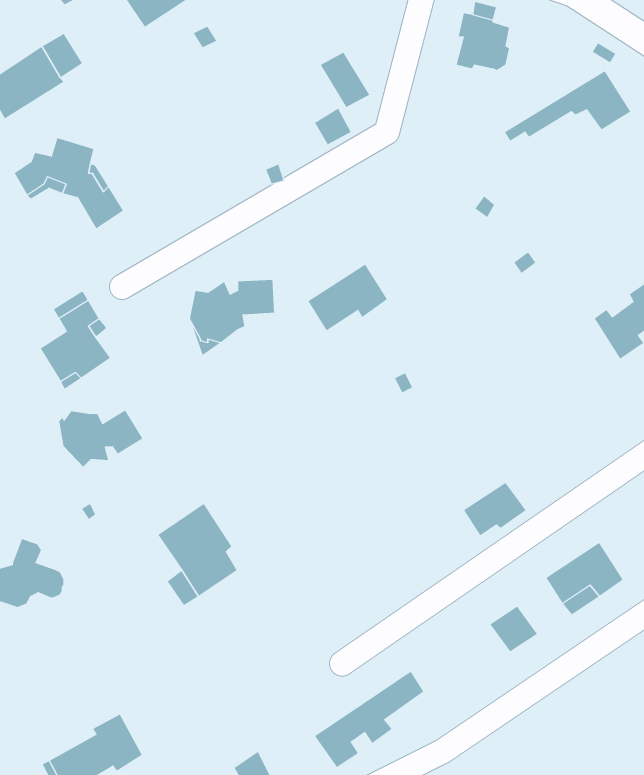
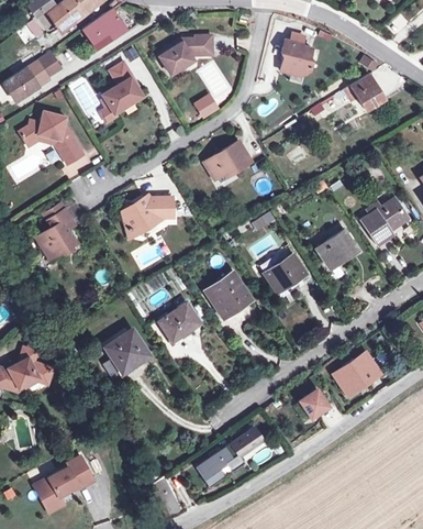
building: none -> [160,38,213,77]
building: none -> [103,64,144,117]
building: [308,264,388,331] -> [204,141,252,180]
building: none -> [314,231,356,268]
building: [58,410,143,468] -> none
building: none -> [207,274,249,313]
building: none -> [159,304,200,341]
building: [463,482,526,536] -> [265,256,302,288]

